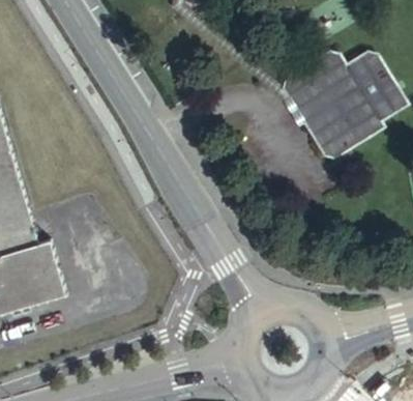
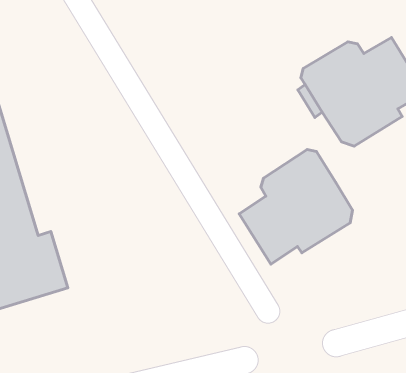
building: none -> [239,150,352,264]

